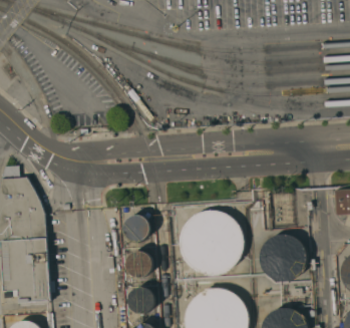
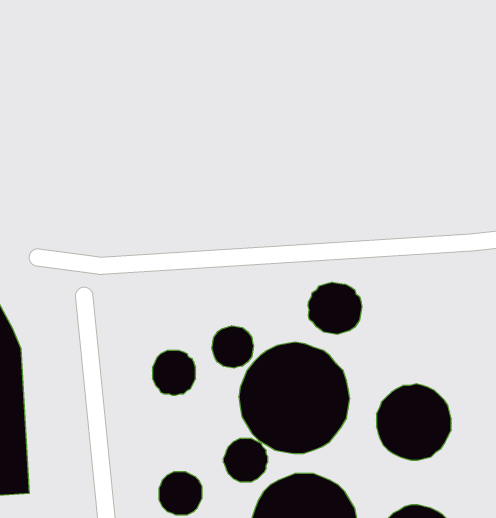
building: none -> [308,282,362,334]
building: none -> [212,326,254,368]
building: [125,252,152,278] -> [223,439,268,482]

